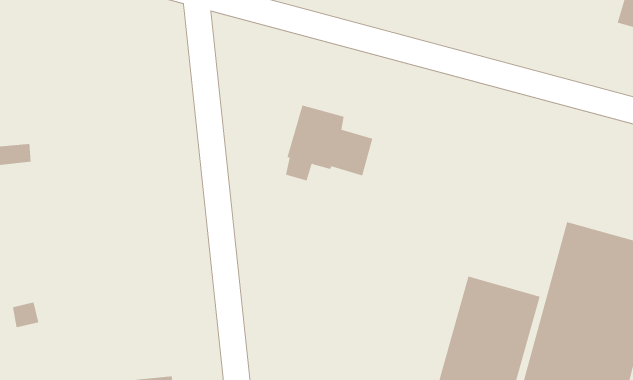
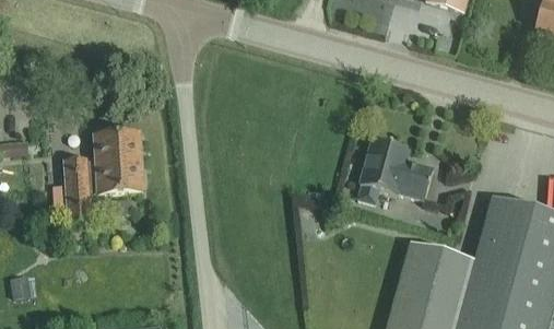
building: [285,105,373,181] -> [358,138,433,202]
building: none -> [54,125,143,221]

